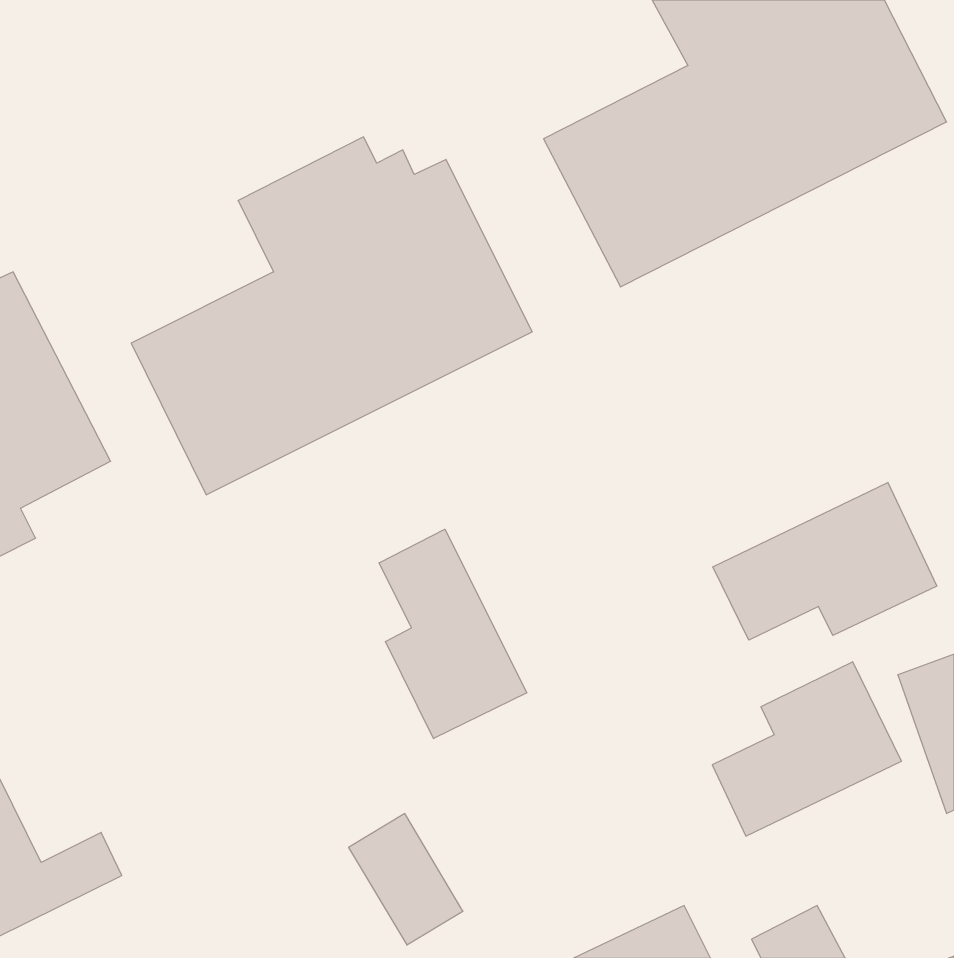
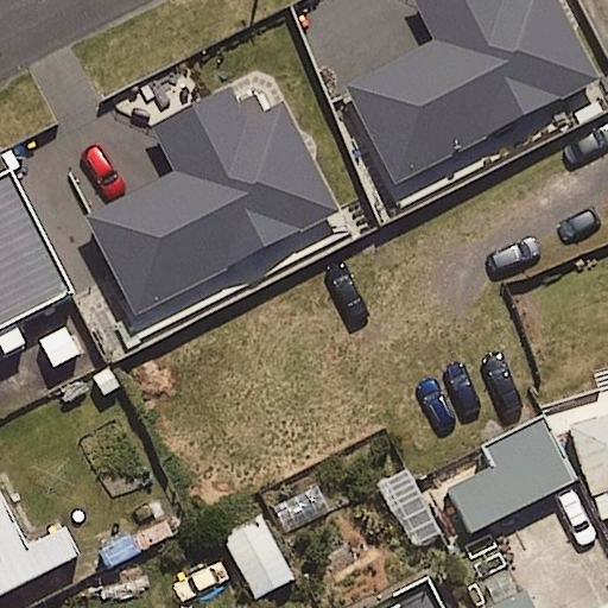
building: [713,482,937,640] -> none
building: [379,529,527,739] -> none

